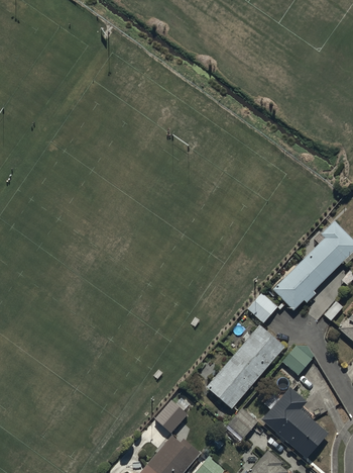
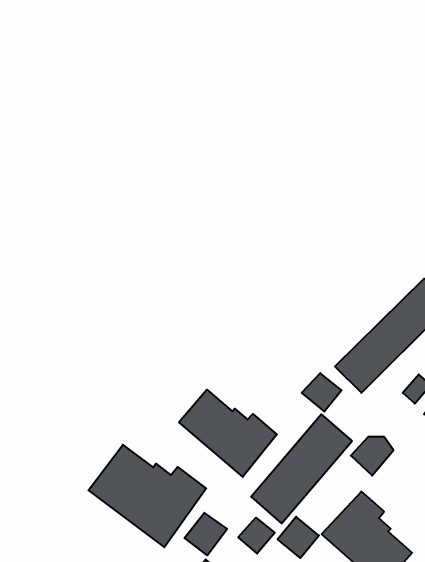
building: none -> [179,390,277,477]
building: none -> [88,445,206,547]
building: none -> [238,518,275,554]

